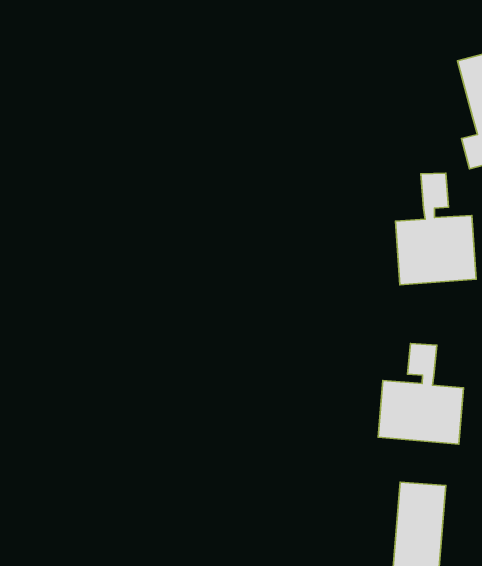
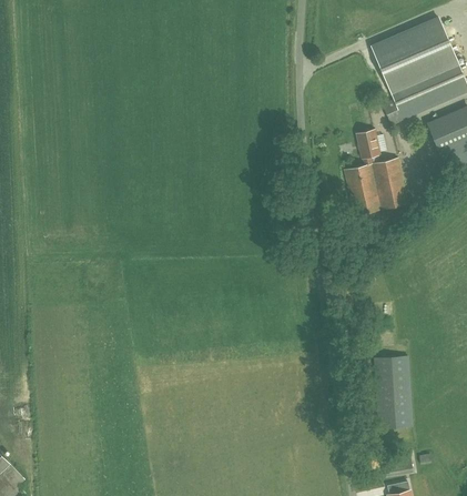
building: [378,344,464,444] -> none

